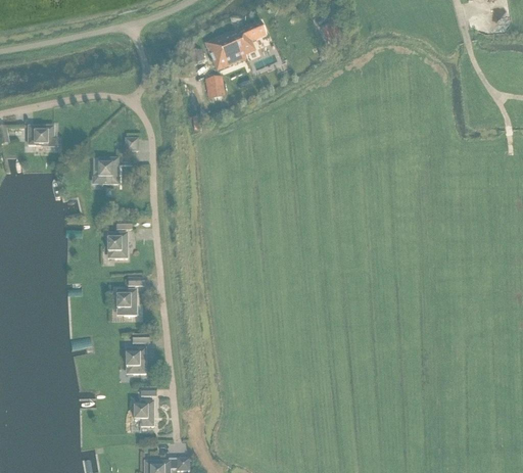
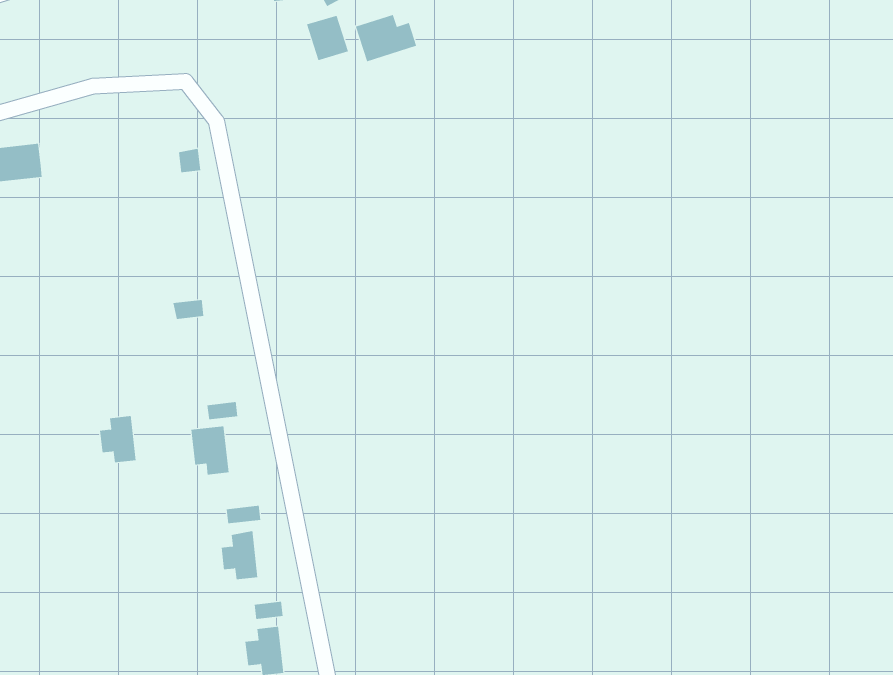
building: none -> [355,14,417,62]
building: [93,157,117,183] -> none
building: [108,233,127,257] -> [99,416,137,463]

